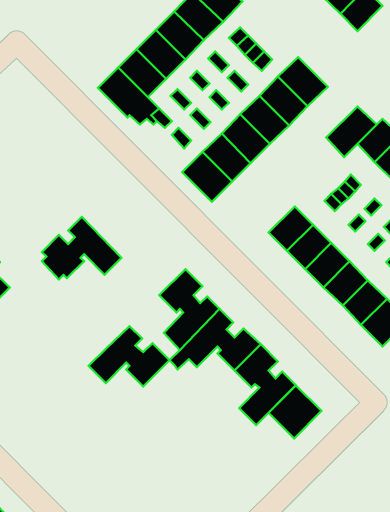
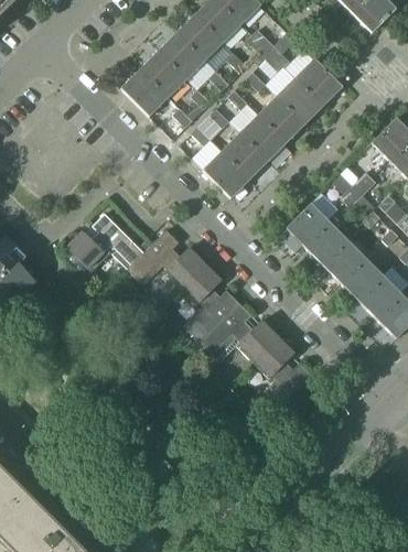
building: [326,106,377,157] -> none
building: [89,326,170,386] -> [128,229,206,288]
building: [268,385,322,439] -> none

